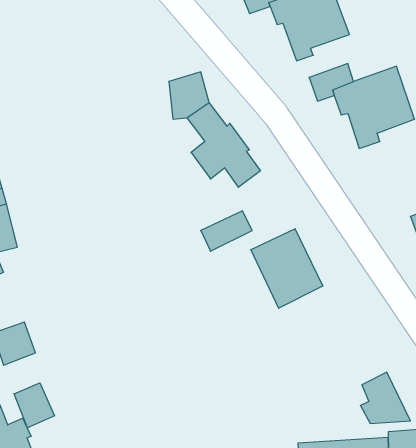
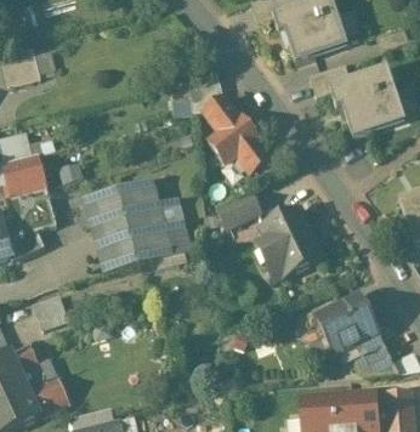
building: none -> [83,177,192,272]
building: none -> [313,294,379,356]
building: [14,383,54,428] -> none

